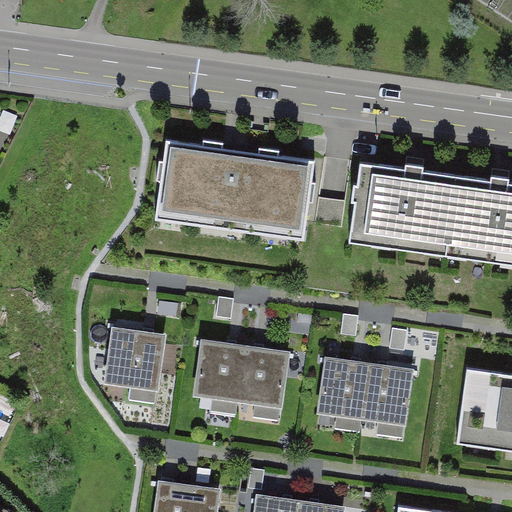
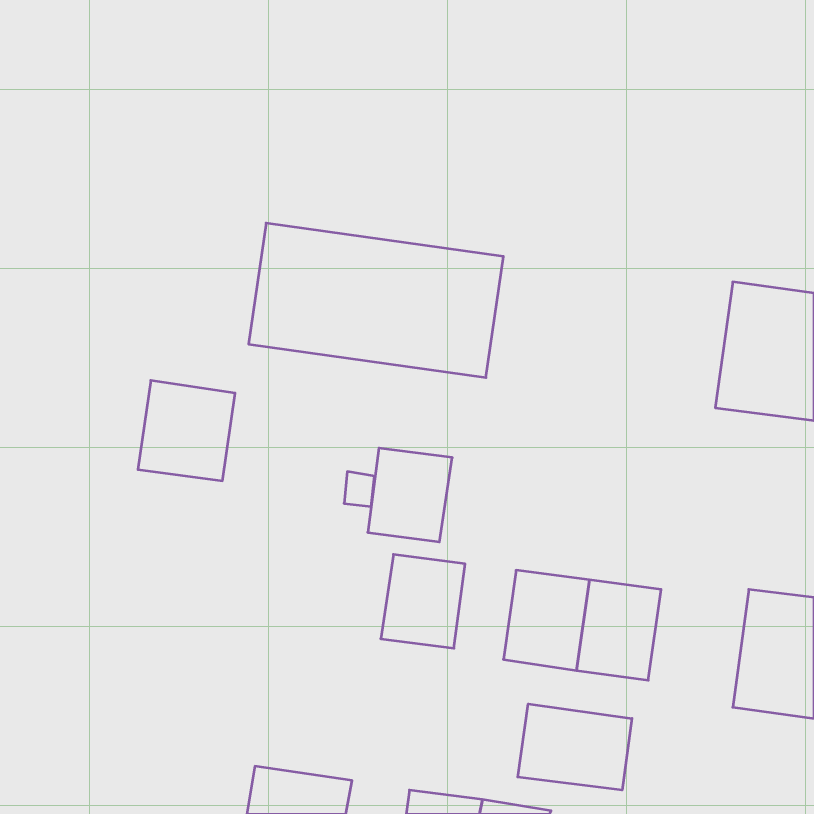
building: [344,163,460,256] -> none
building: [106,327,167,390] -> [138,380,235,481]
building: [194,342,247,401] -> [368,448,452,542]
building: none -> [518,704,632,790]

